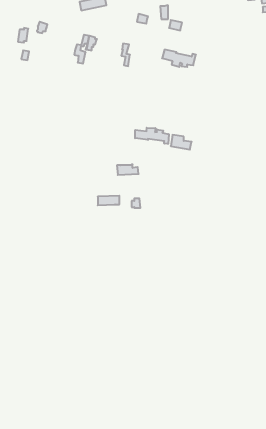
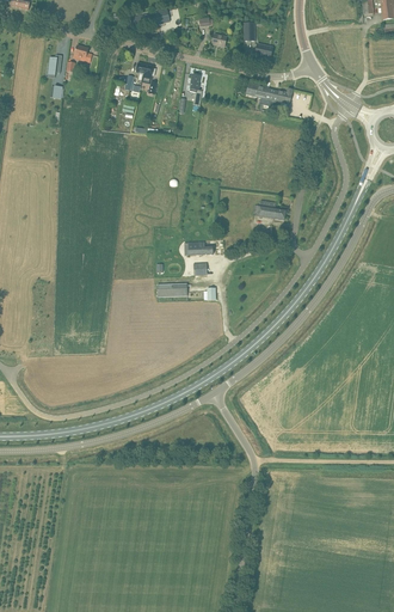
building: [135,128,169,144] -> none

